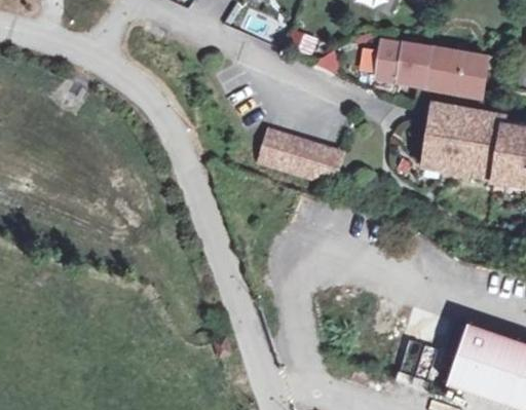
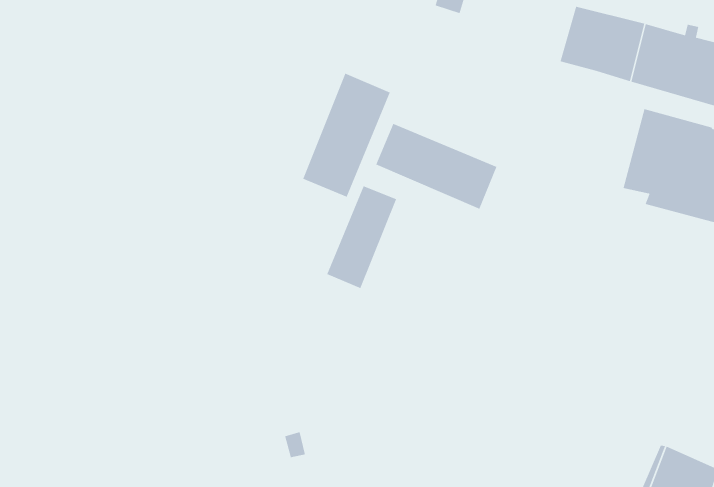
building: none -> [302,73,391,198]
building: none -> [326,185,397,289]

